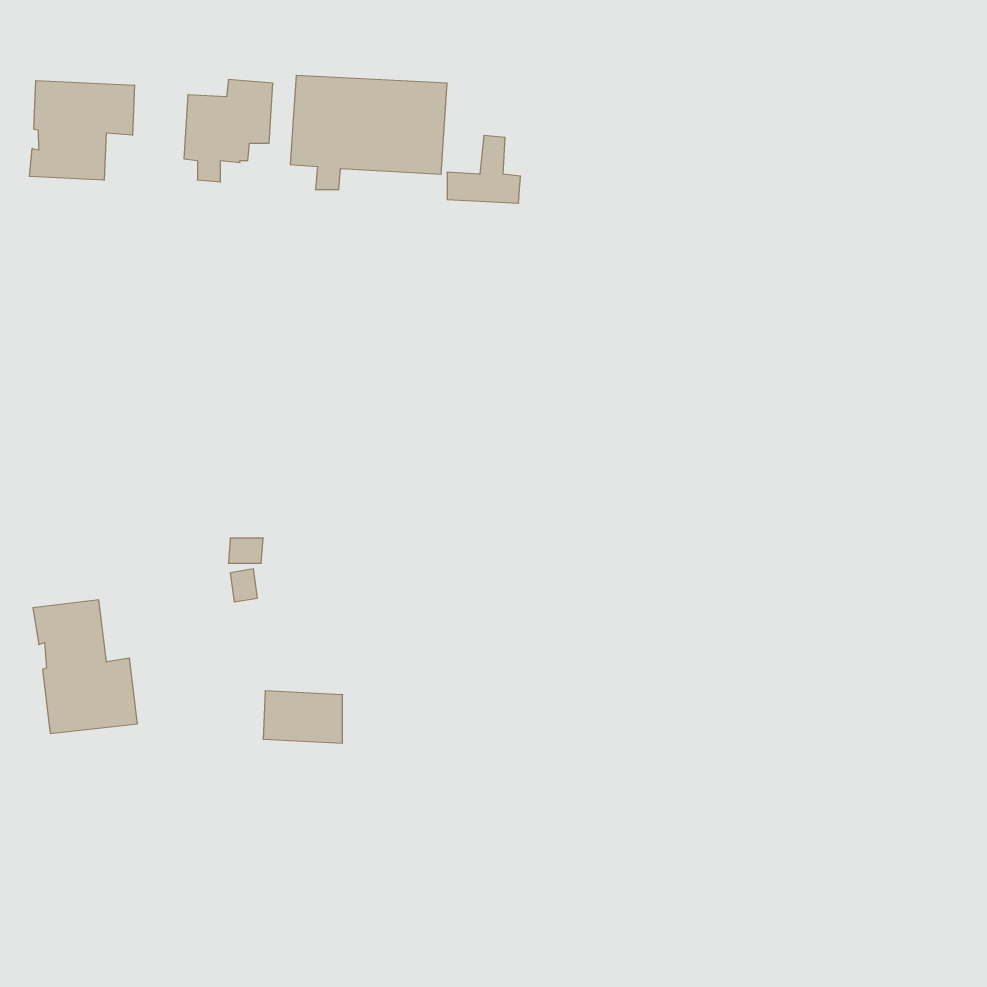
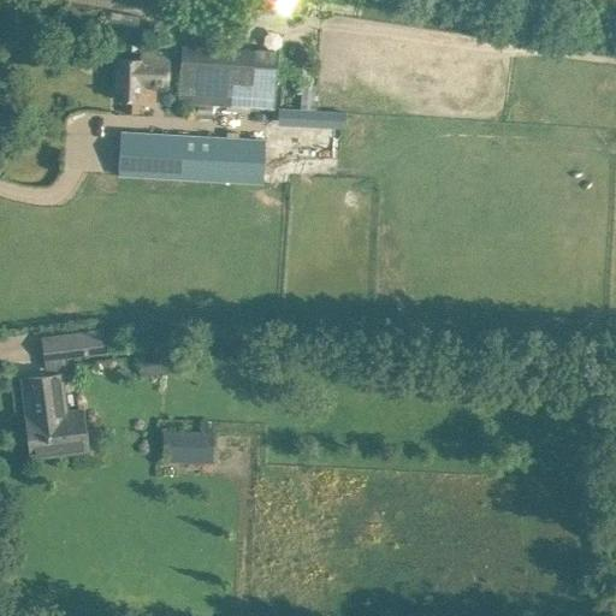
building: [30,81,134,180] -> none
building: none -> [117,132,263,184]
building: none -> [41,330,106,361]

